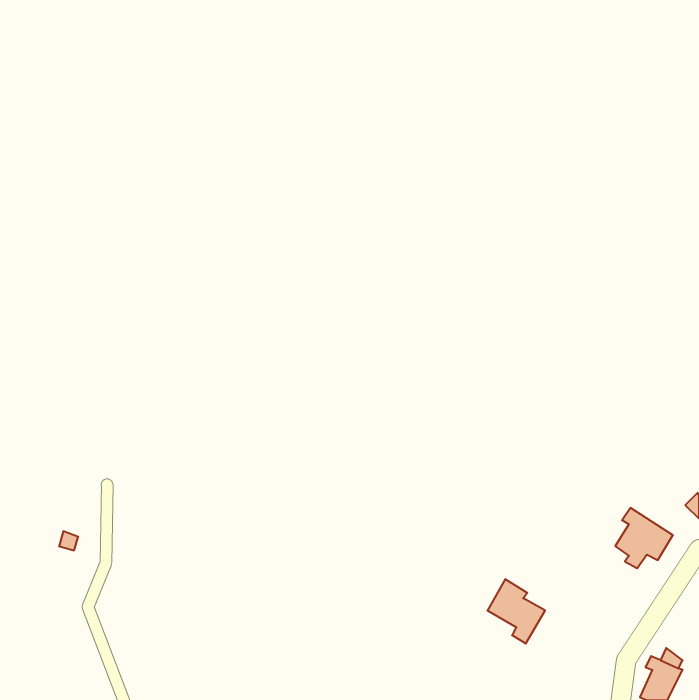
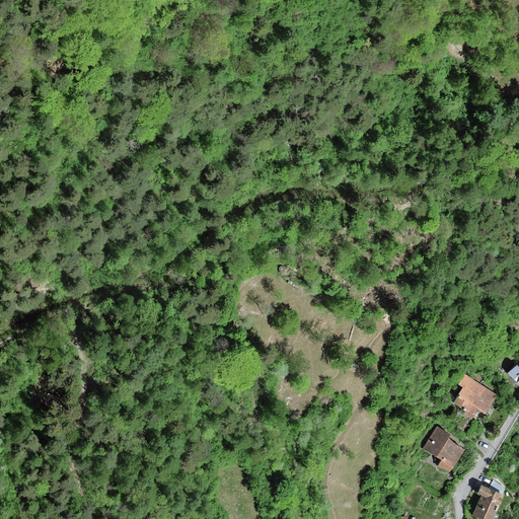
building: [487,579,545,644] -> [422,425,464,472]

